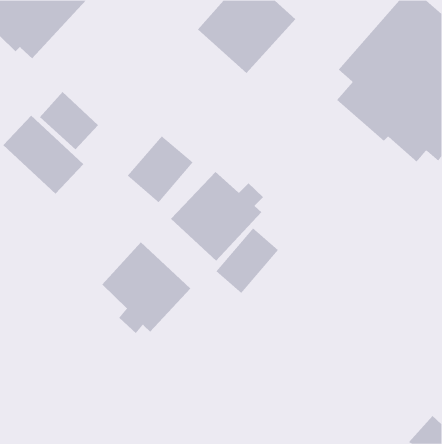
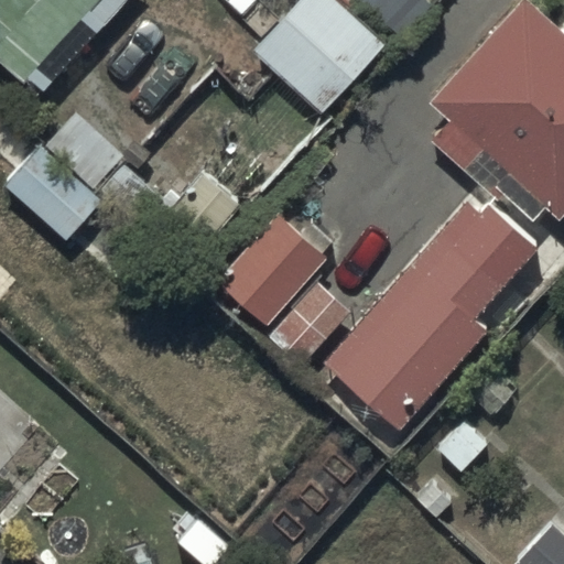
building: none -> [328,210,544,437]
building: [101,241,191,334] -> none

